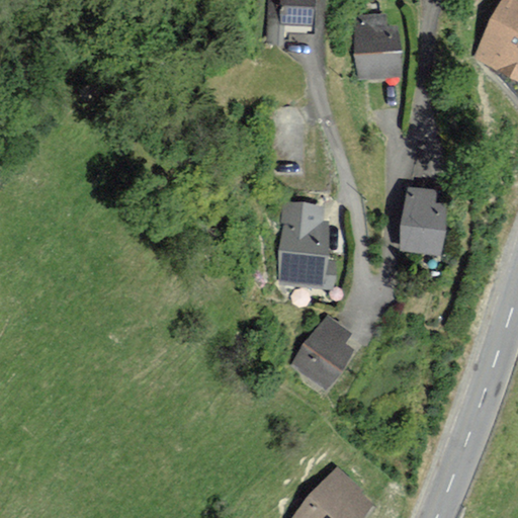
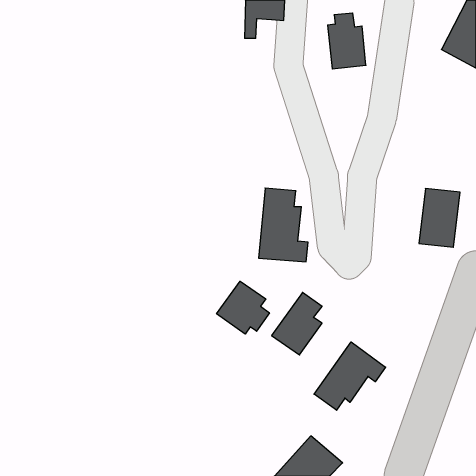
building: [402,189,446,253] -> [419,189,460,247]
building: none -> [217,281,269,334]
building: none -> [314,342,386,410]

